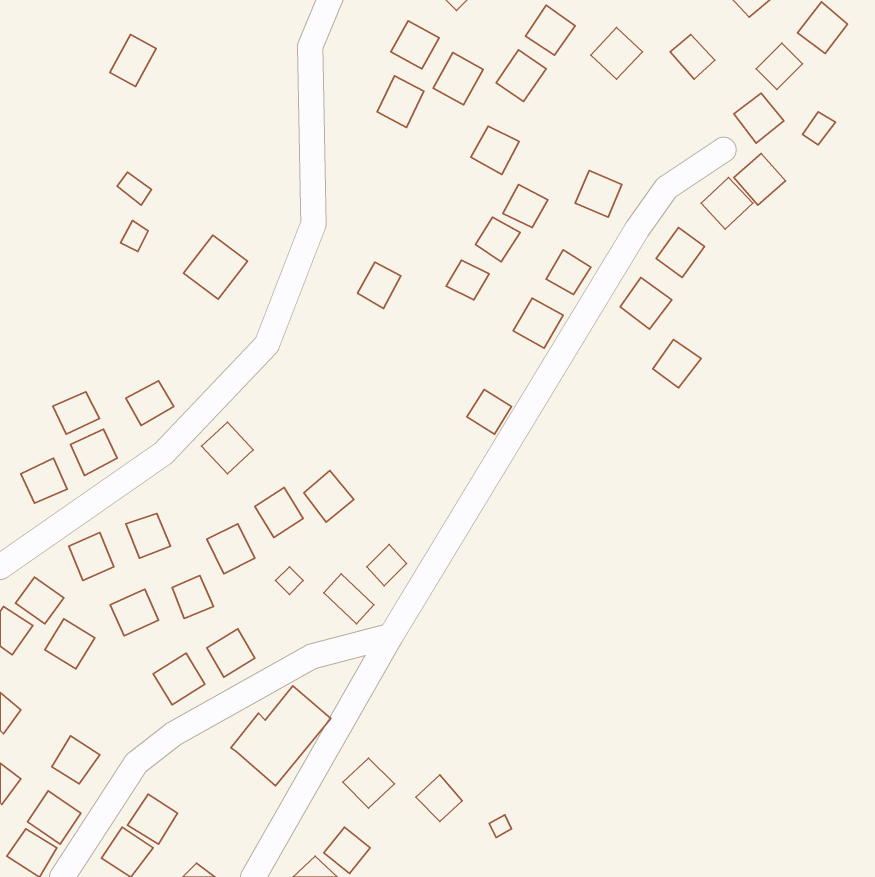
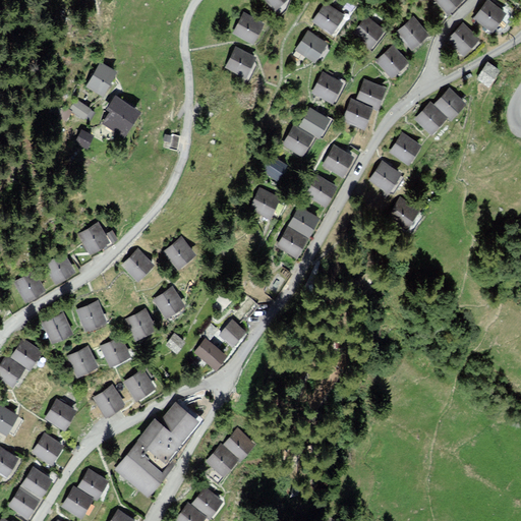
building: [110,35,156,86] -> [85,64,113,95]
building: [433,53,483,105] -> none
building: [734,93,784,143] -> [377,48,406,77]
building: [471,126,519,174] -> [313,73,342,102]
building: none -> [357,81,385,109]
building: [184,235,247,299] -> [99,98,136,135]
building: [358,262,401,309] -> [251,190,277,218]
building: none -> [290,209,317,236]
building: [53,392,99,434] -> none
building: [304,470,354,522] -> [165,238,194,269]
building: [45,619,95,669] -> [45,399,74,428]
building: none -> [118,444,172,497]
building: [416,775,462,821] -> [224,431,251,459]

